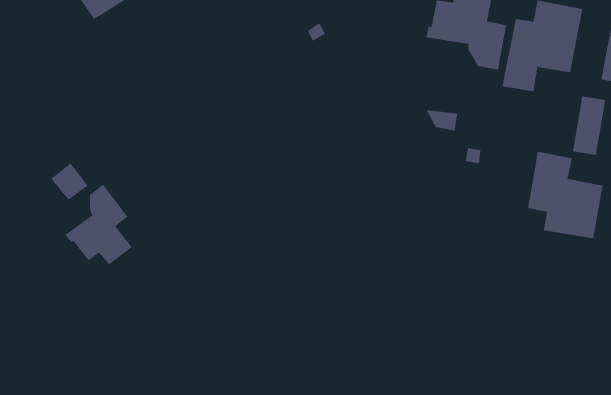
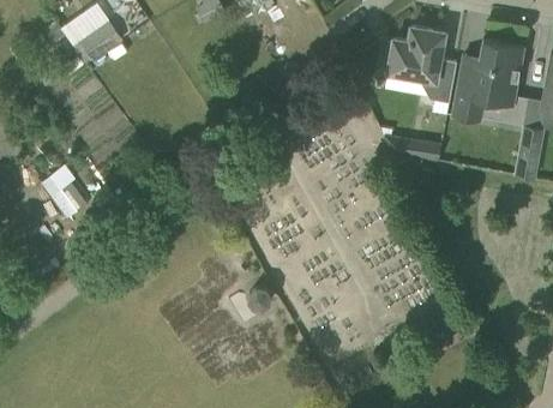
building: [528,151,603,239] -> none
building: [65,184,132,265] -> none

